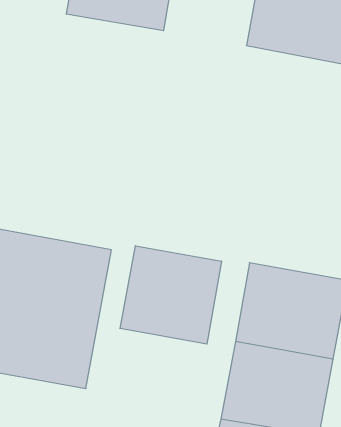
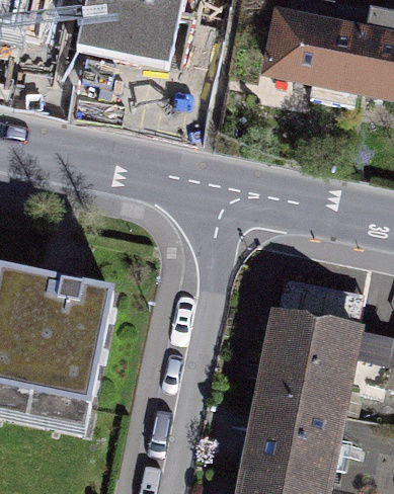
building: [120,246,221,344] -> none

